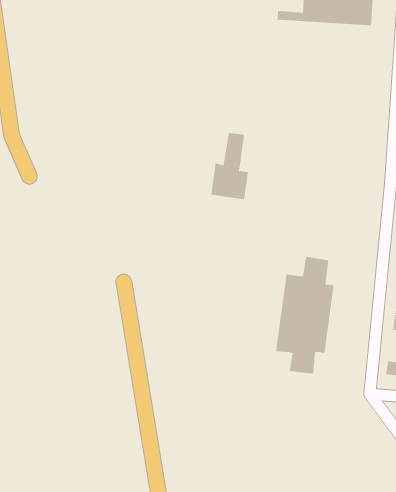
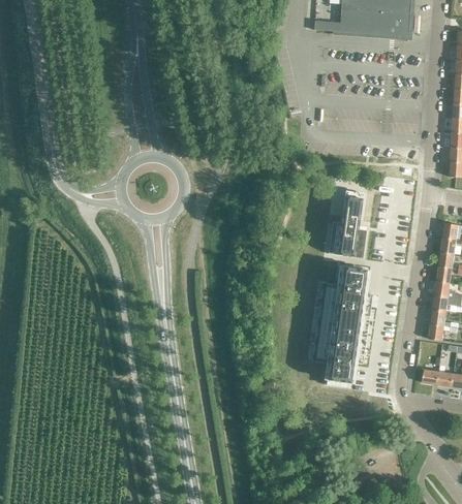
building: [211,133,249,200] -> [328,191,366,258]

